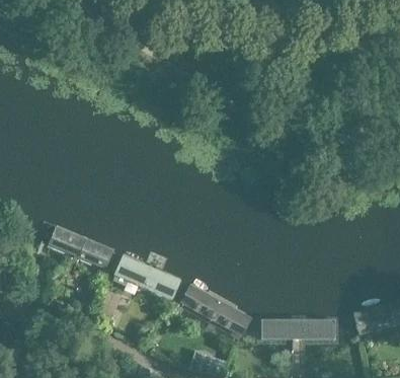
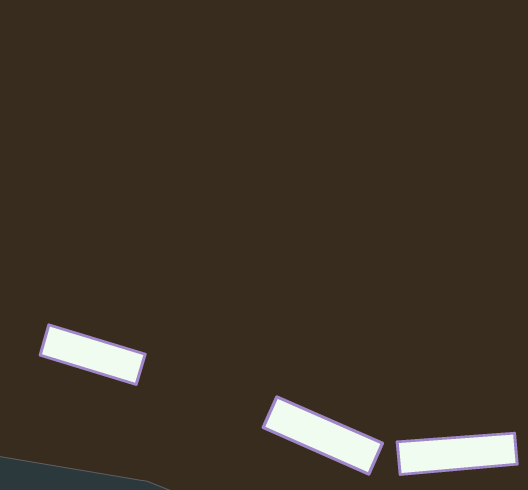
building: [111,253,182,299] -> none

